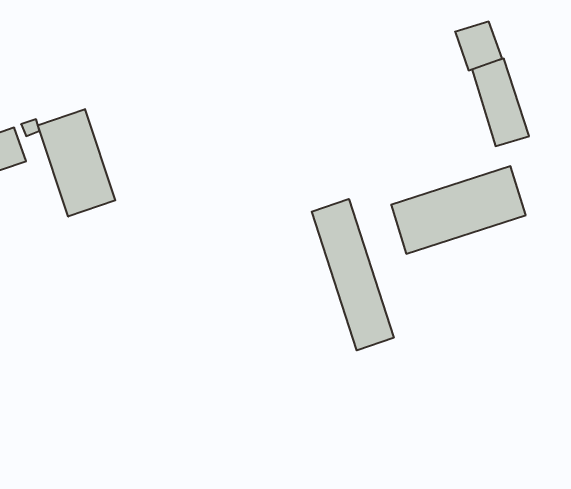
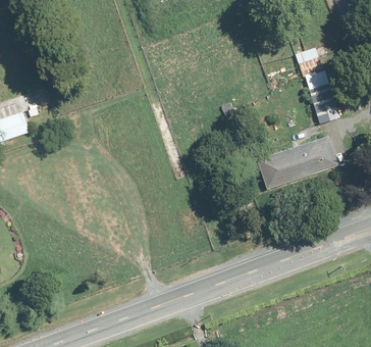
building: [38,109,115,217] -> none
building: [312,199,394,350] -> none

